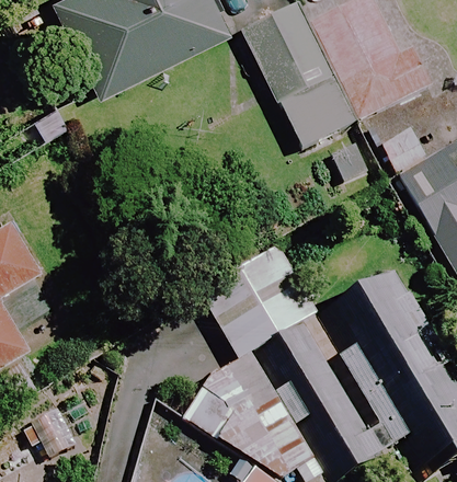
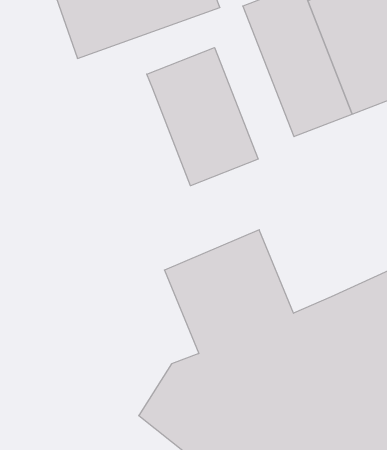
building: none -> [147,48,258,186]

